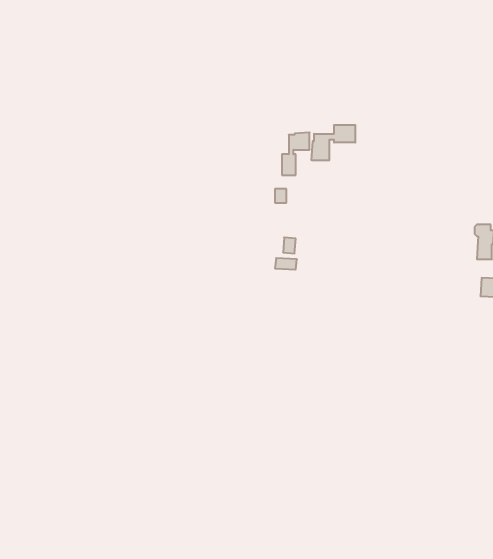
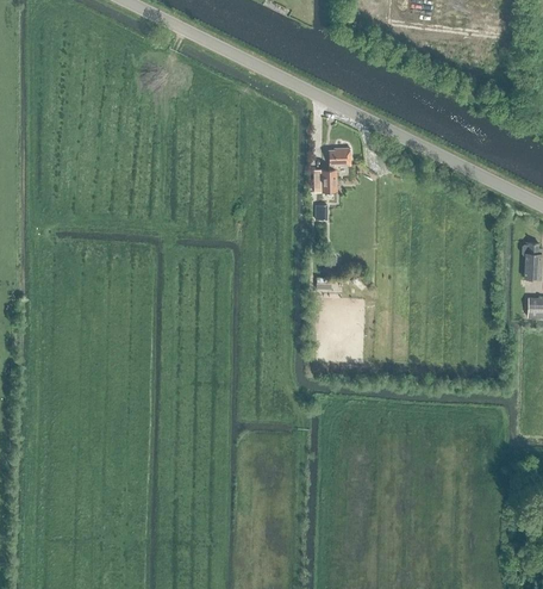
building: [312,125,355,160] -> none

